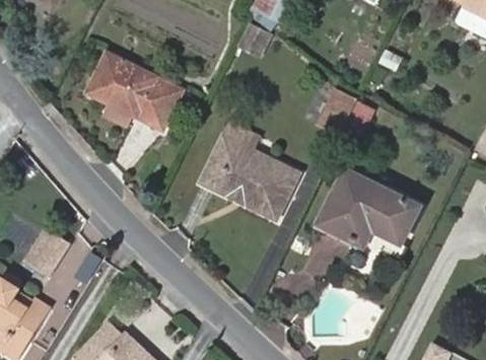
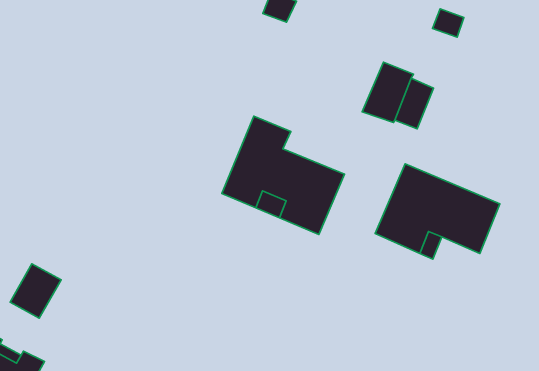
building: [88,54,181,129] -> none

